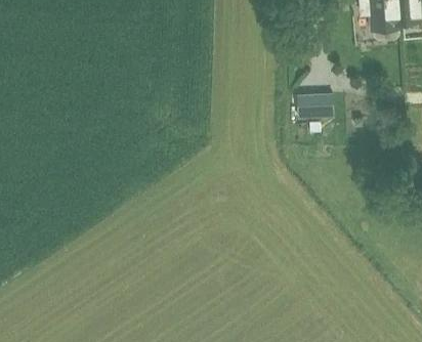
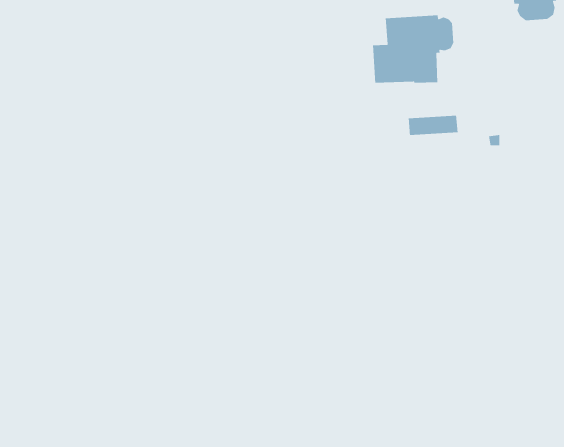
building: none -> [372,15,454,83]

